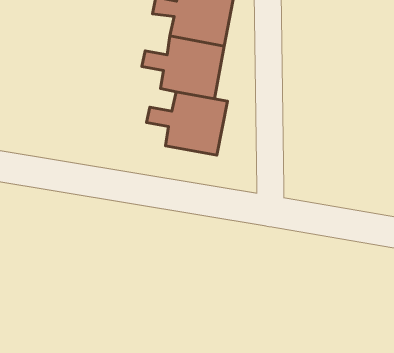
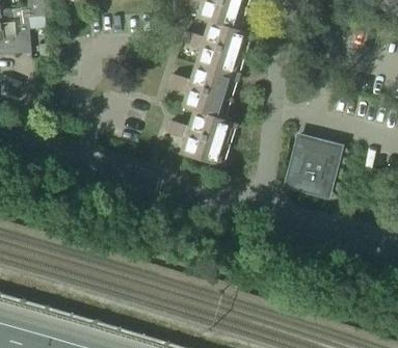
building: none -> [287,135,339,191]

